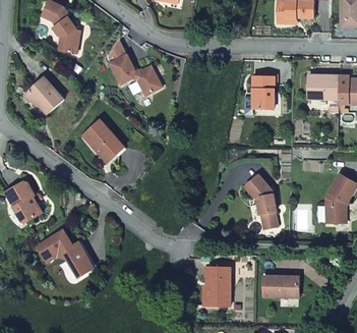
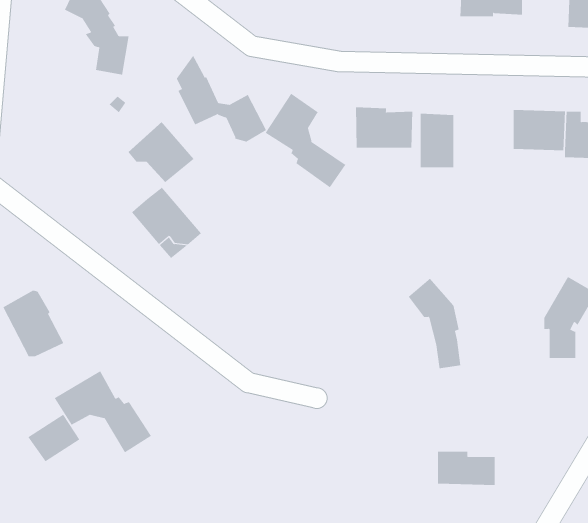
building: none -> [265,93,346,188]
building: none -> [356,107,413,148]
building: [23,76,63,113] -> [127,121,194,183]
building: none -> [28,414,80,462]
building: [205,268,229,307] -> none

